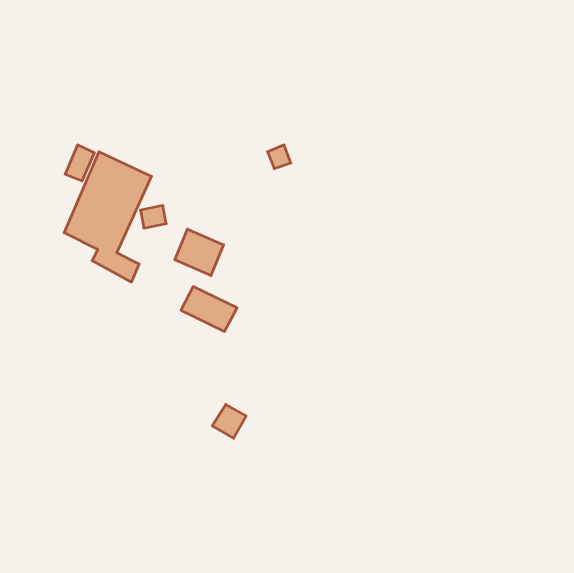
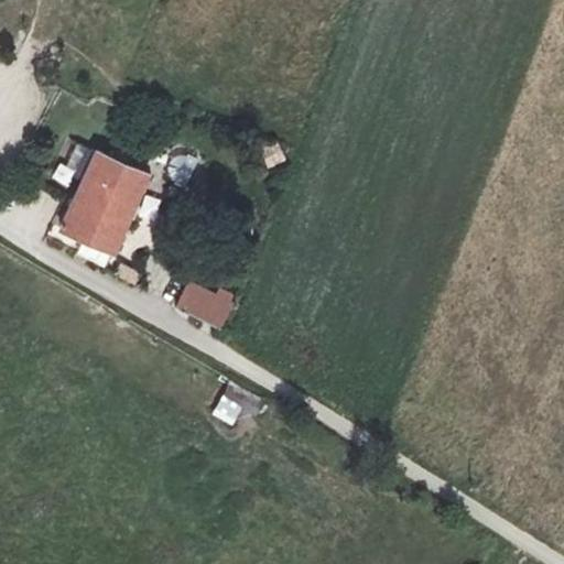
building: [175,229,224,276] -> none

